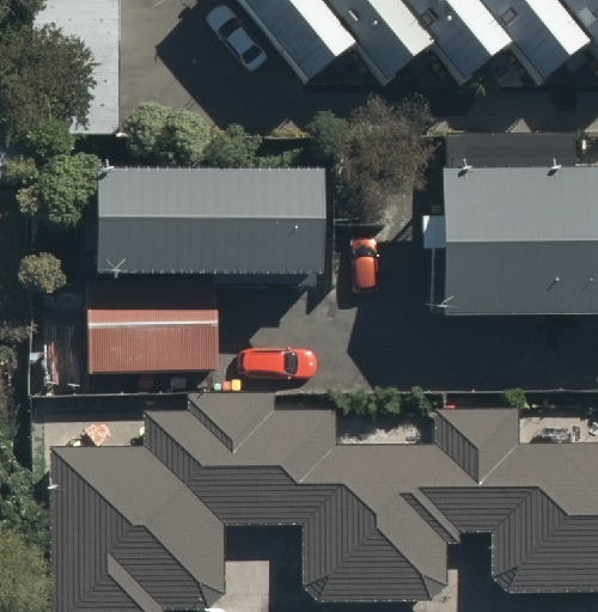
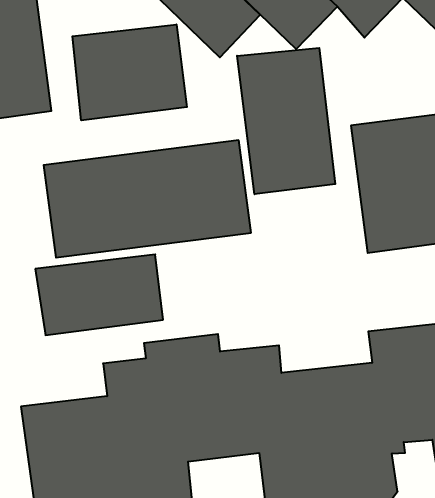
building: none -> [72,24,187,120]
building: none -> [237,48,335,194]

